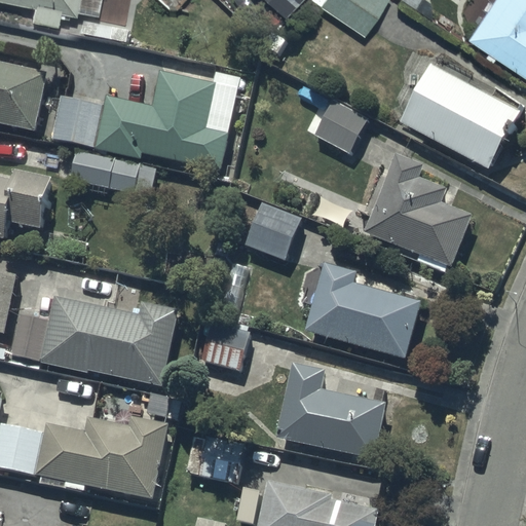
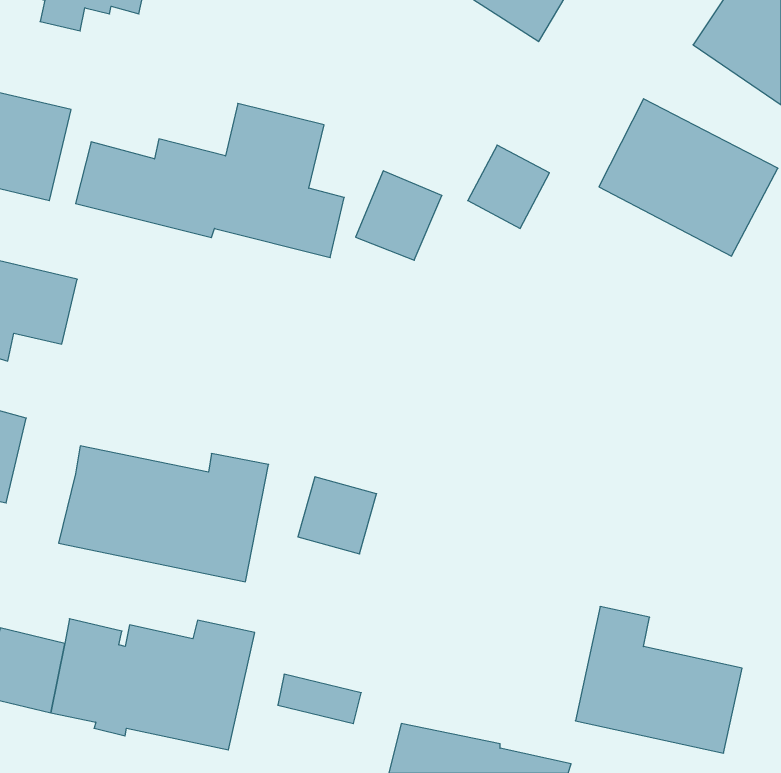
building: [60,146,143,194] -> none
building: [362,155,471,268] -> none
building: [242,200,300,260] -> [356,171,442,260]
building: [303,263,420,361] -> none
building: [8,309,50,362] -> none
building: [275,364,386,461] -> [575,607,742,753]

